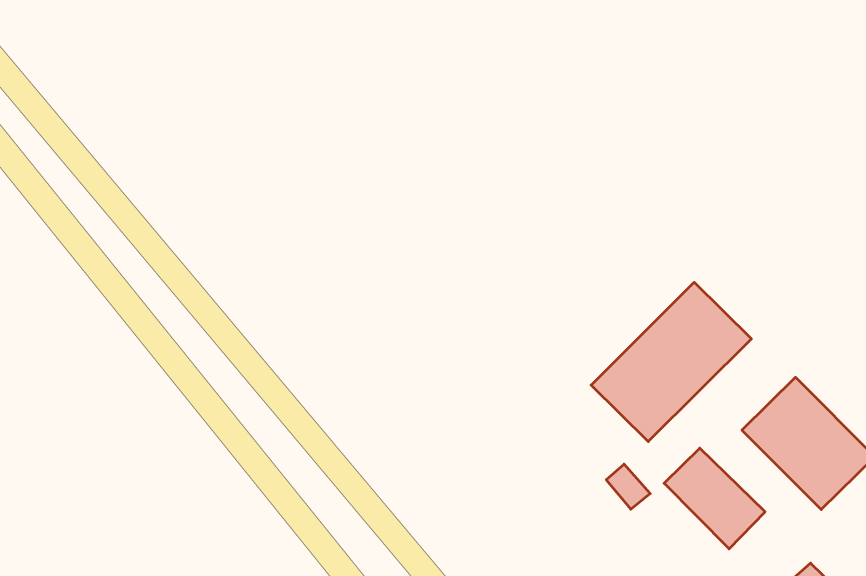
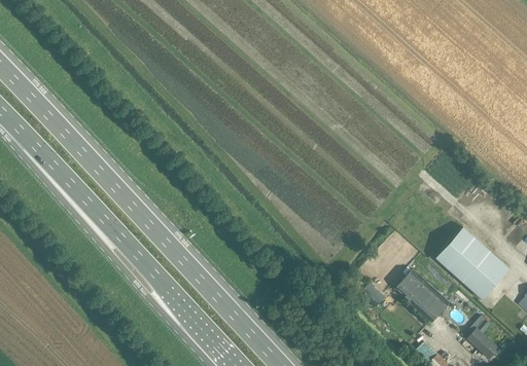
building: [591,282,751,442] -> none

